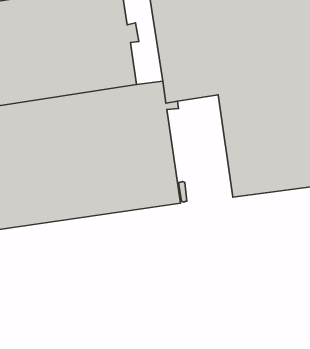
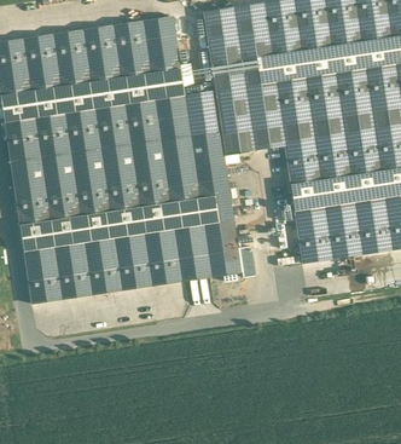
building: none -> [184,90,220,133]

